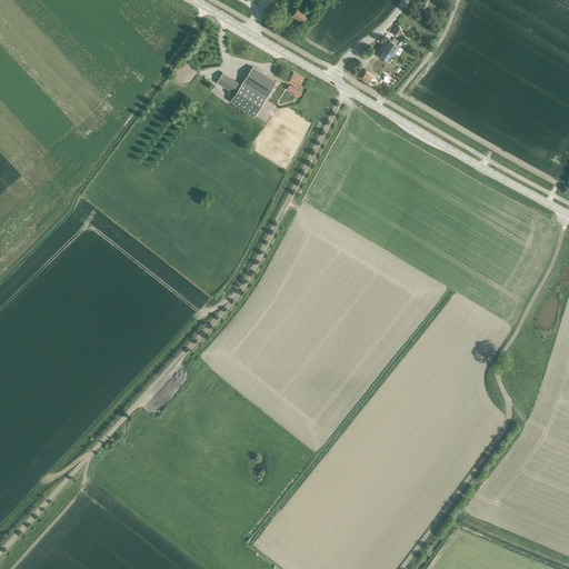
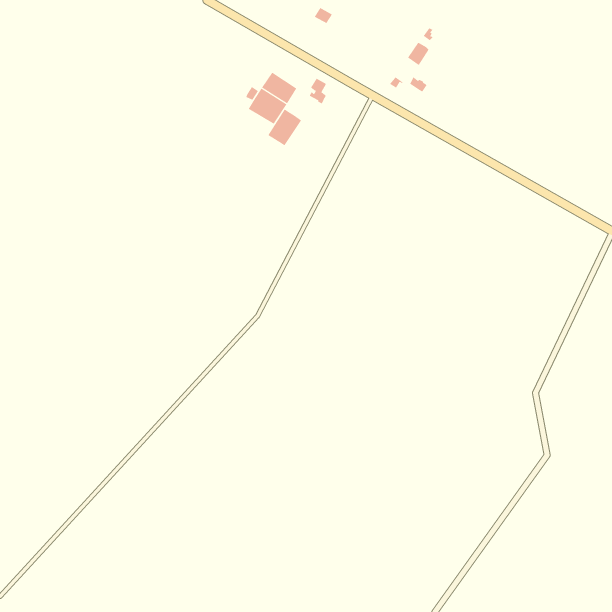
building: none -> [268,109,302,146]

